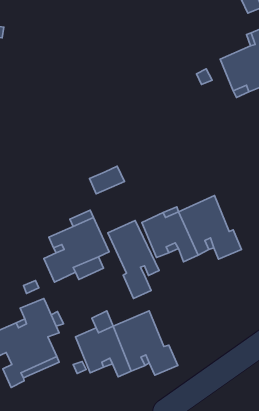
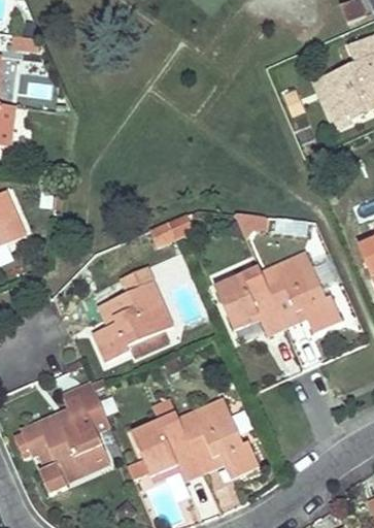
building: [108,220,159,299] -> none

